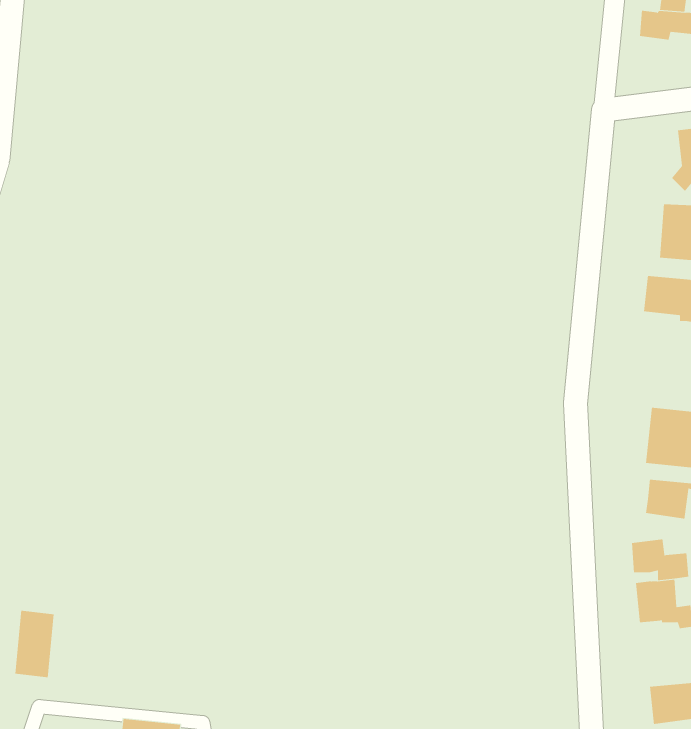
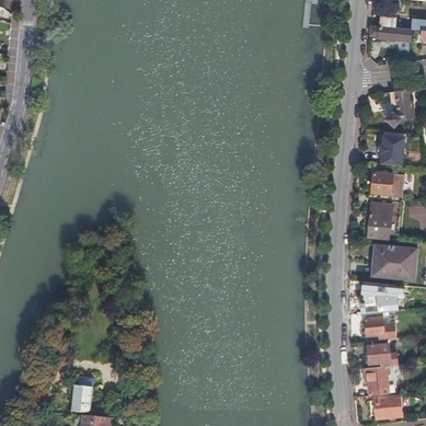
building: none -> [368,203,391,239]
building: [15,610,54,678] -> [71,376,93,413]
building: none -> [362,366,389,395]

